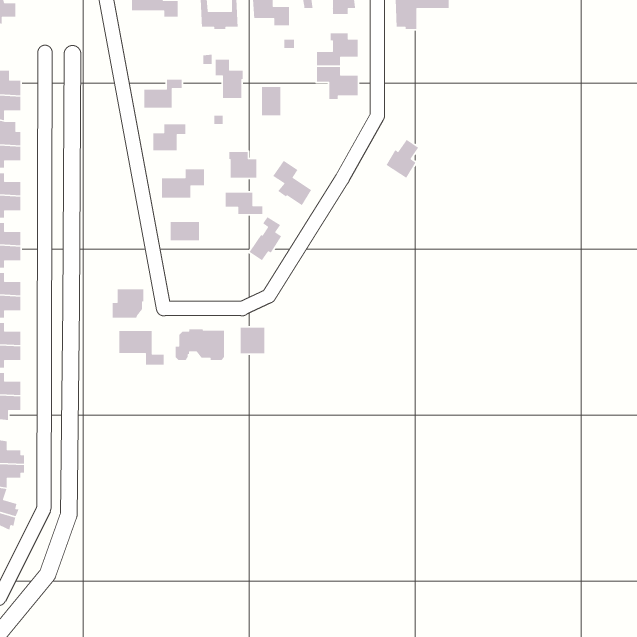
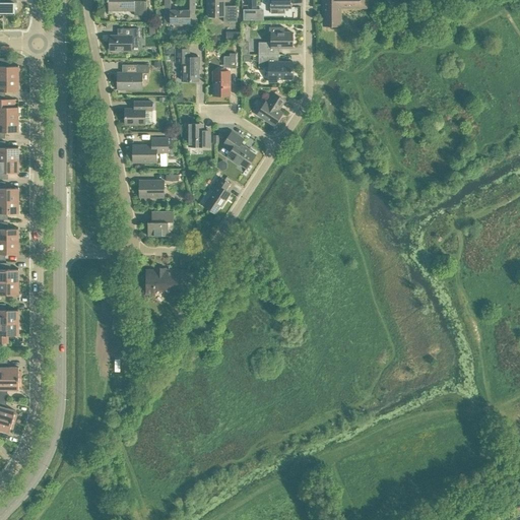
building: none -> [109,27,138,50]
building: [385,139,419,179] -> [256,92,283,125]
building: [225,192,263,215] -> none
building: [112,288,144,318] -> [146,210,173,235]
building: [240,327,265,354] -> none
building: [118,330,165,366] -> none

